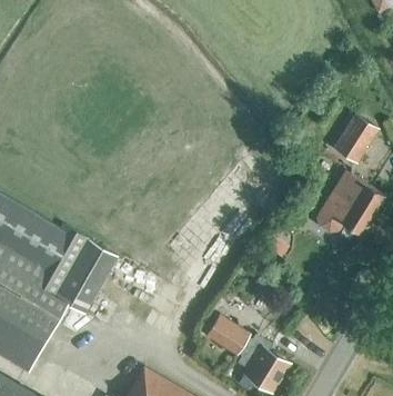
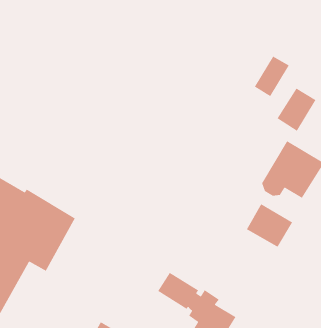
building: none -> [254,55,290,97]
building: none -> [246,203,293,248]

